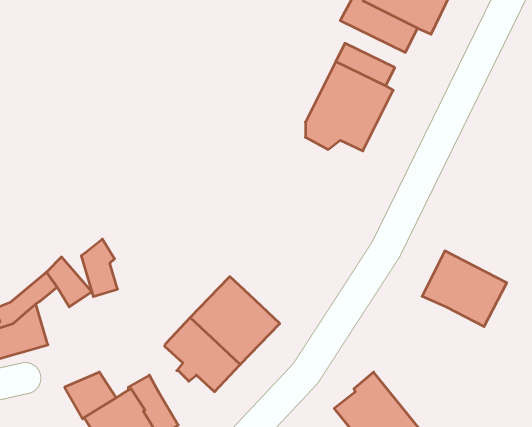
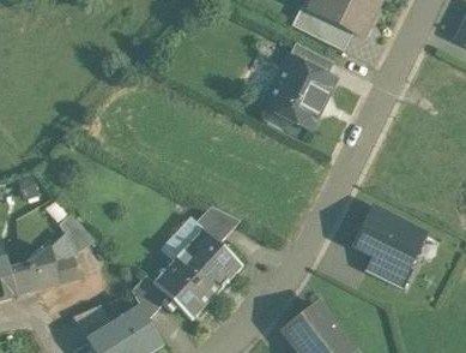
building: [81,239,118,297] -> [50,237,79,282]
building: none -> [195,205,241,243]
building: none -> [365,252,411,288]
building: none -> [132,275,167,319]

